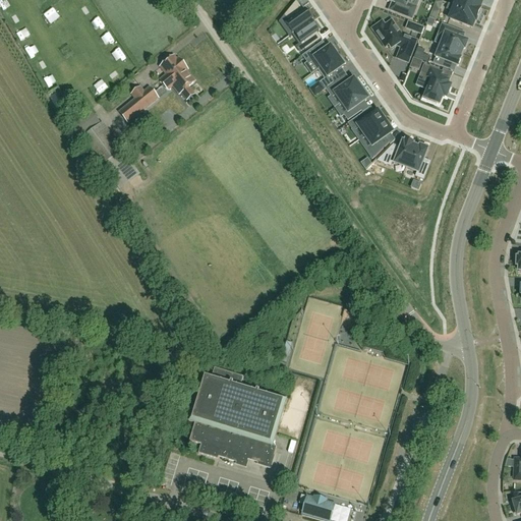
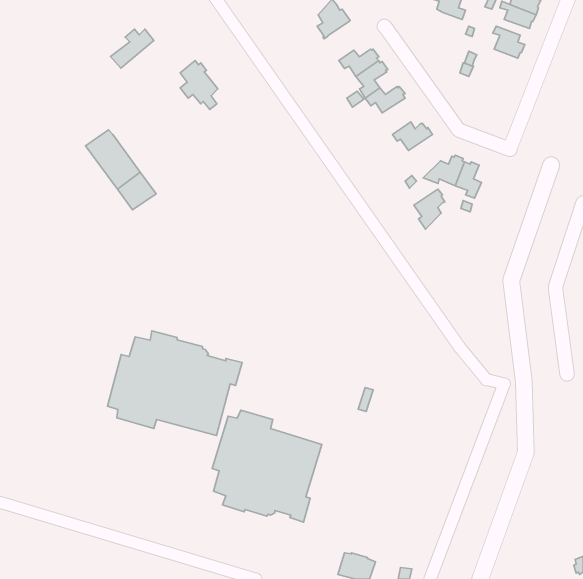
building: [293,19,322,49] -> none
building: [372,19,416,61] -> none
building: [433,44,462,68] -> none
building: [421,63,450,102] -> none
building: [119,85,158,120] -> [110,29,154,68]
building: [341,88,369,119] -> none
building: [364,120,392,156] -> [414,189,445,229]
building: none -> [108,331,242,436]

